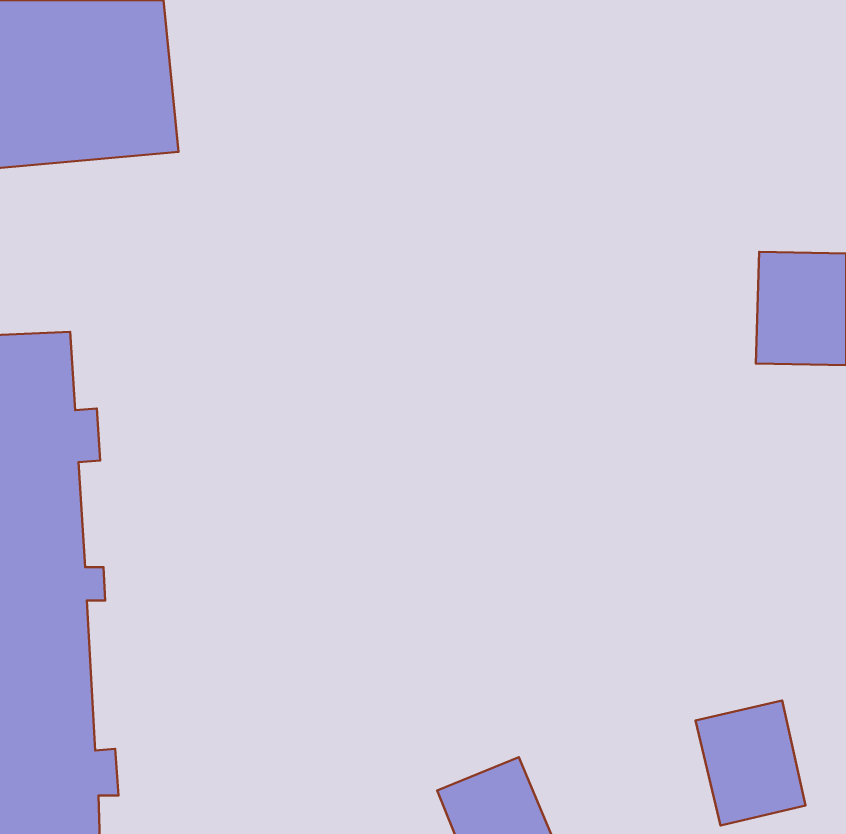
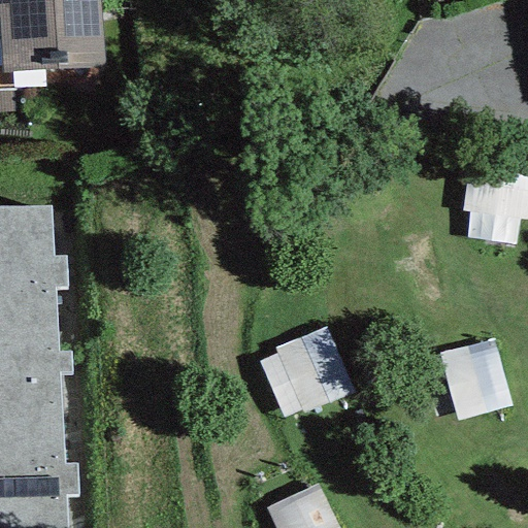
building: none -> [261,324,354,415]
building: [695,700,806,826] -> [442,339,510,417]

